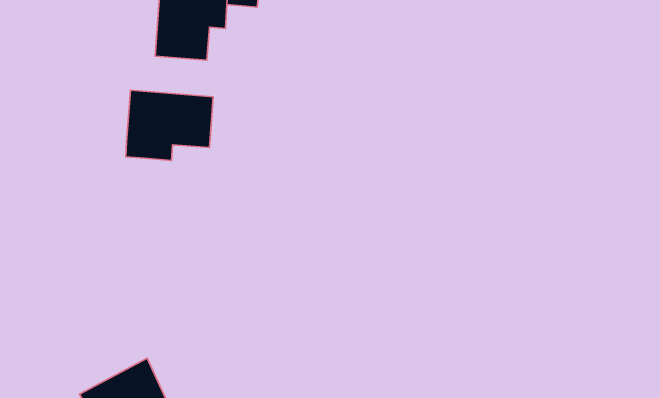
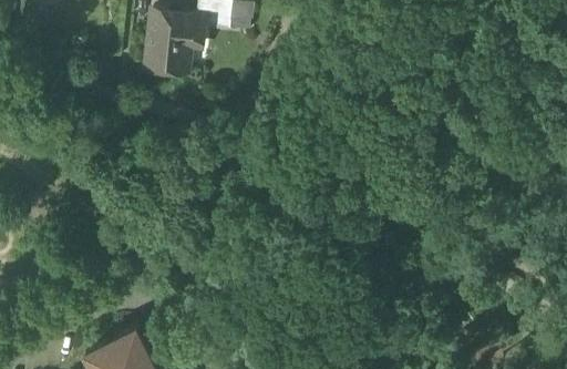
building: [126,90,213,161] -> none

